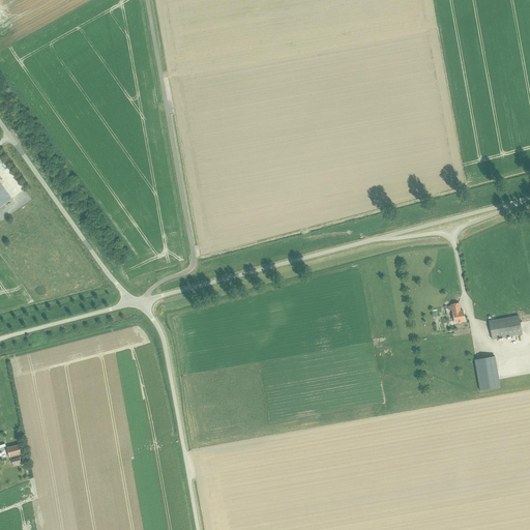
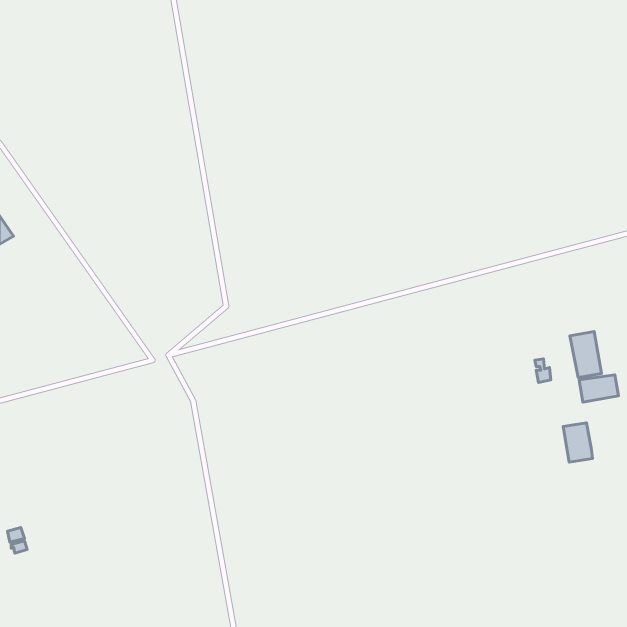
building: none -> [570,331,602,377]

